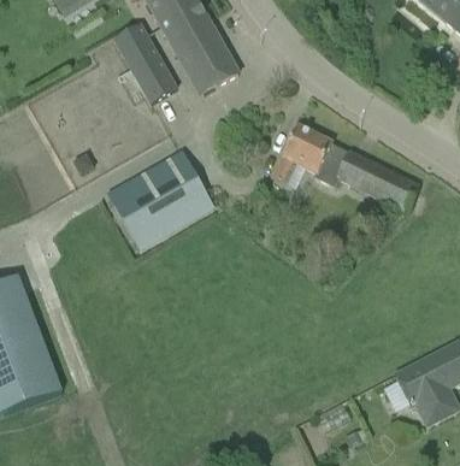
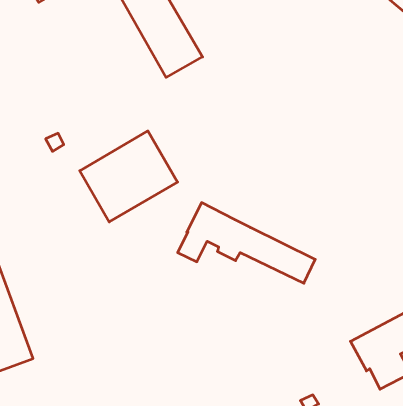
building: [113,23,176,101] -> none
building: [272,124,418,210] -> [178,203,315,283]

